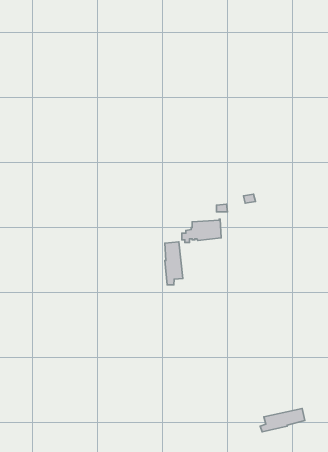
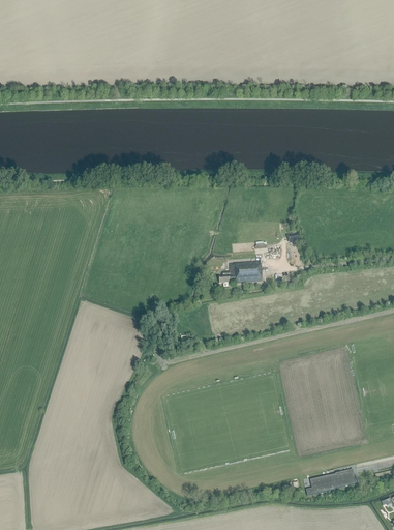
building: [165,242,183,285] -> none

